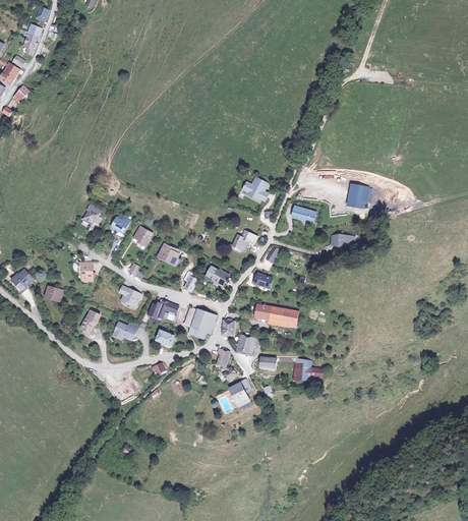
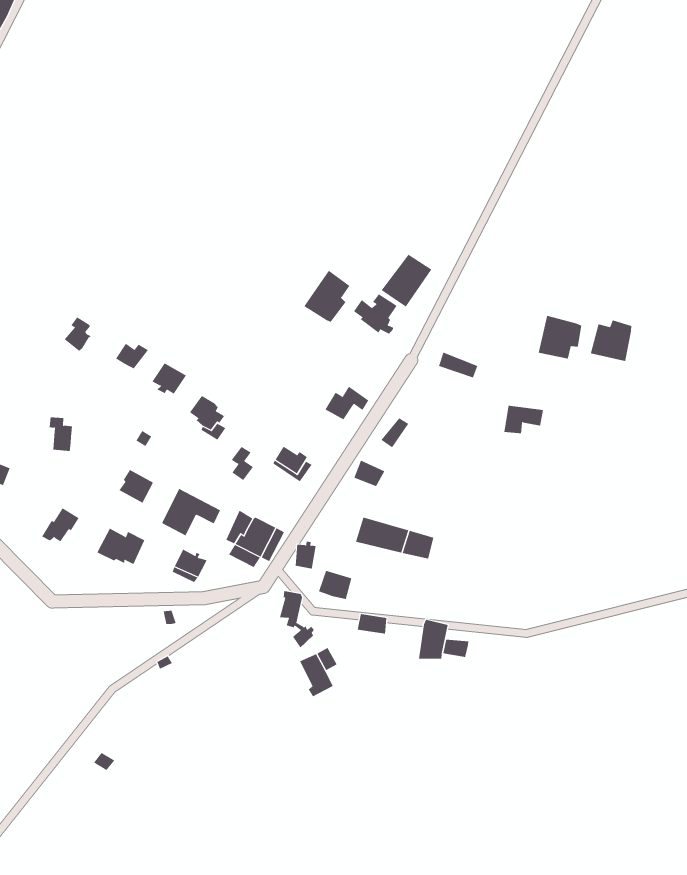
building: none -> [381,254,432,307]
building: none -> [303,270,350,323]
building: none -> [590,320,632,362]

